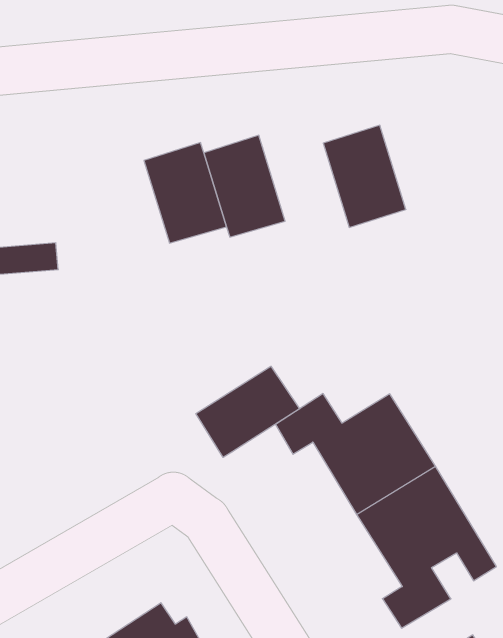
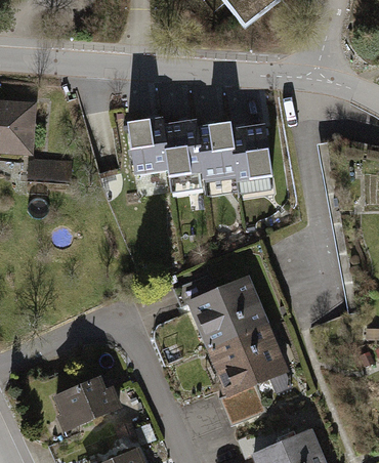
building: none -> [197,125,238,180]
building: [196,366,300,457] -> none

